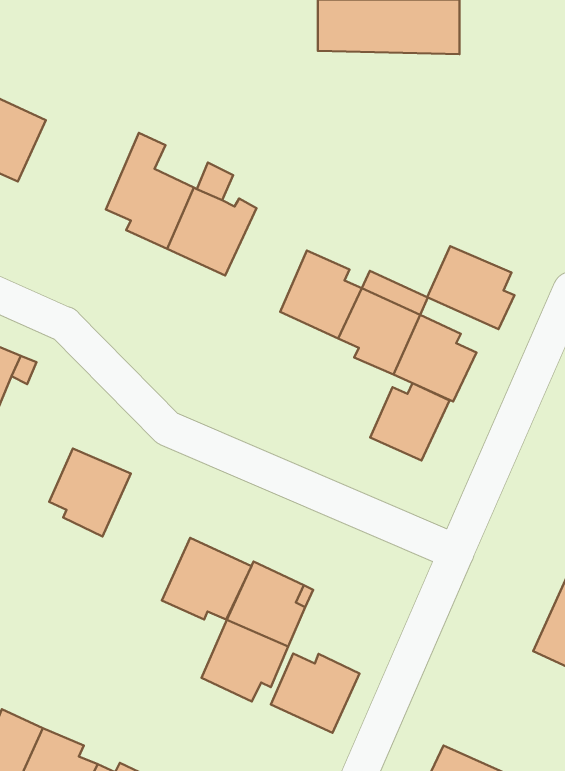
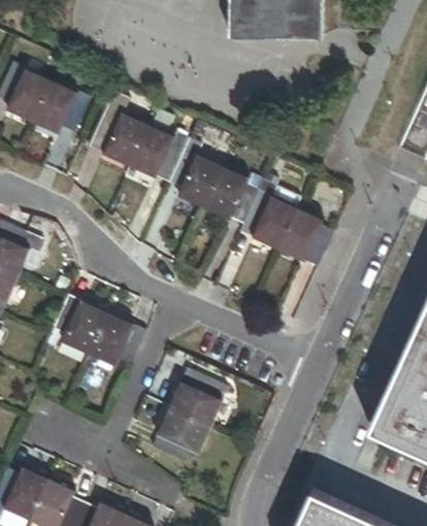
building: none -> [32,80,90,133]
building: none -> [168,138,222,206]
building: [427,246,515,329] -> none
building: [370,383,450,460] -> none
building: [162,538,251,620] -> [88,313,146,366]
building: [271,653,360,733] -> none

